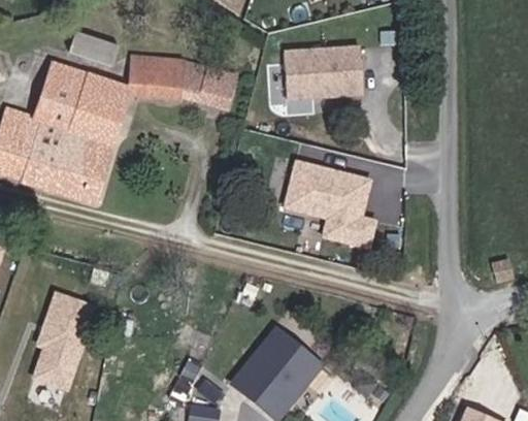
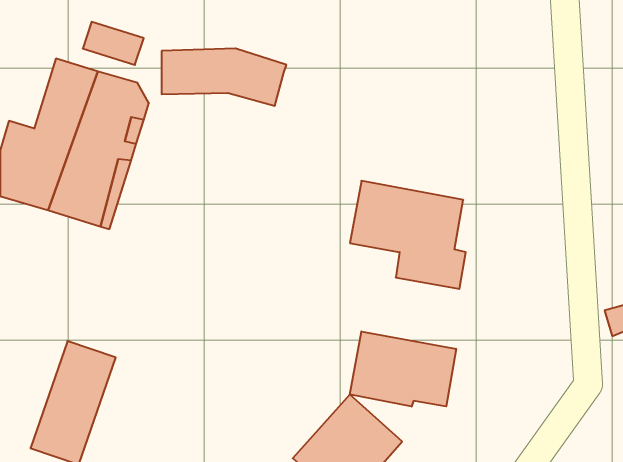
building: [282,42,370,101] -> none
building: none -> [350,331,456,407]

